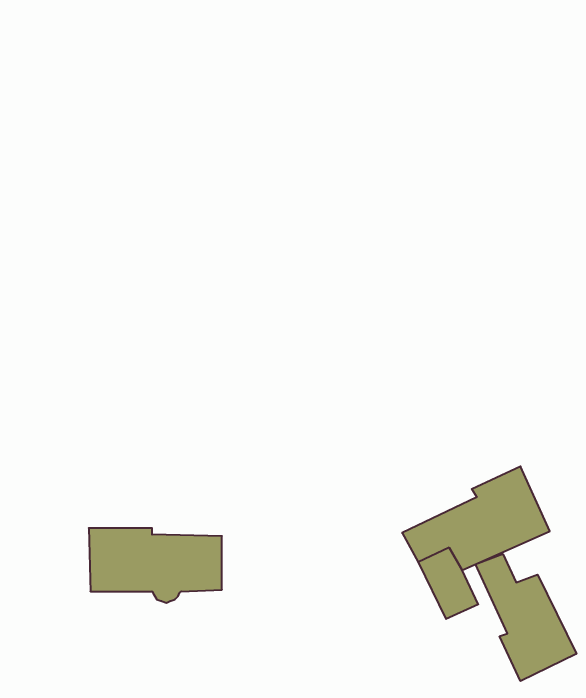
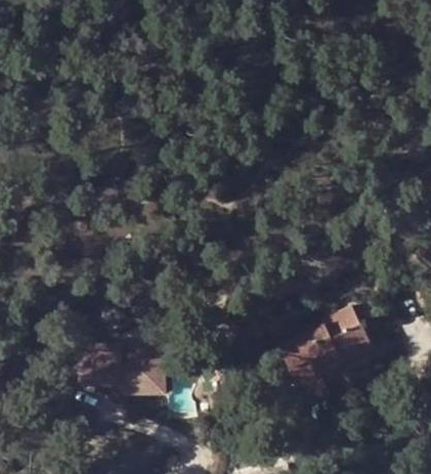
building: [476,554,576,681] -> none

